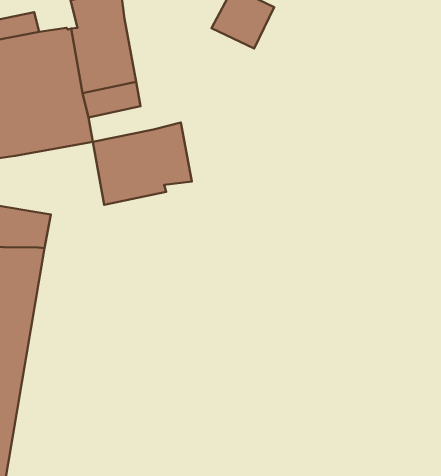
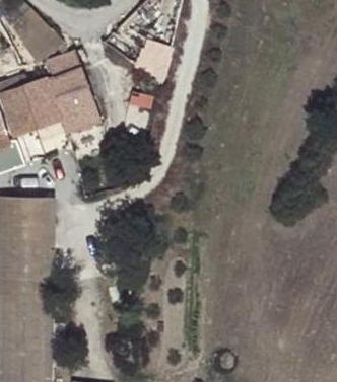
building: [93,122,192,205] -> none

